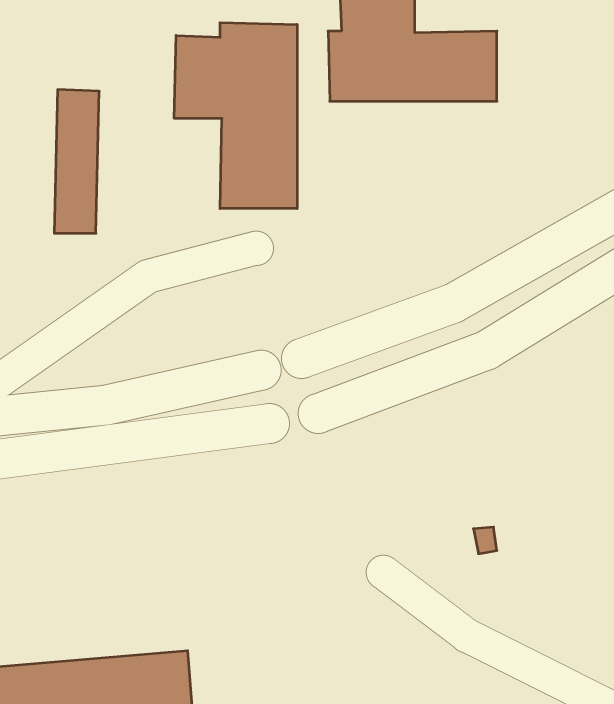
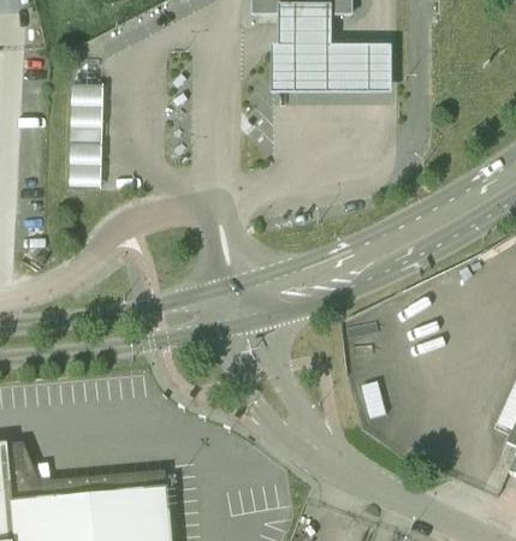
building: [174,23,297,209] -> none

